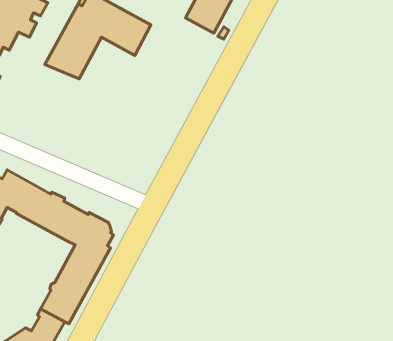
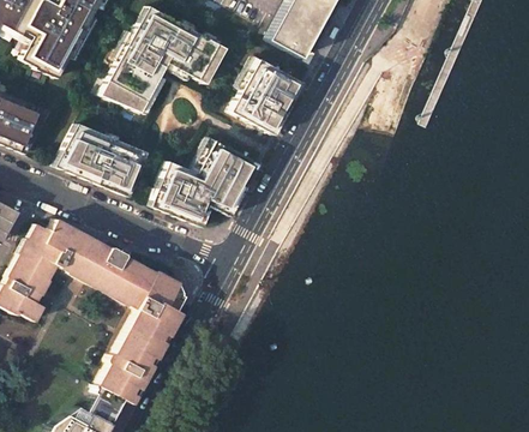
building: none -> [232,59,303,136]
building: none -> [55,124,148,194]
building: none -> [154,140,259,227]

